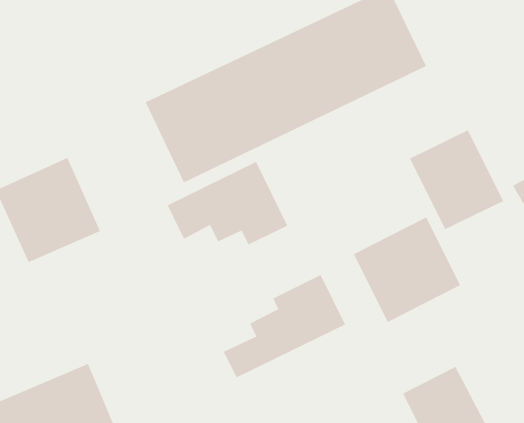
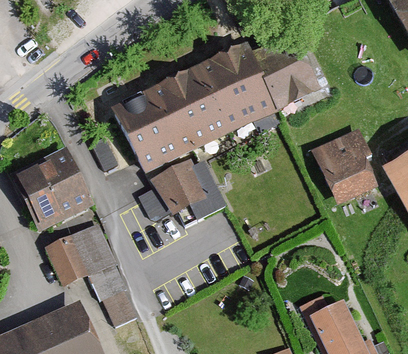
building: [353,217,461,323] -> none
building: none -> [43,226,127,321]
building: [223,274,346,378] -> none

